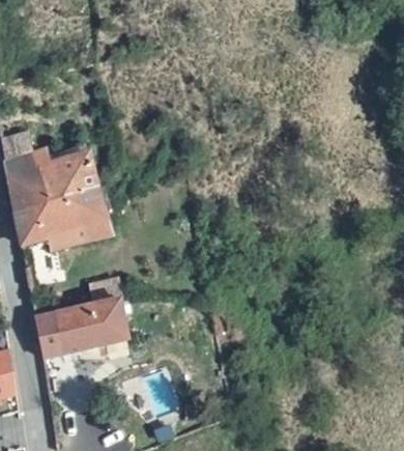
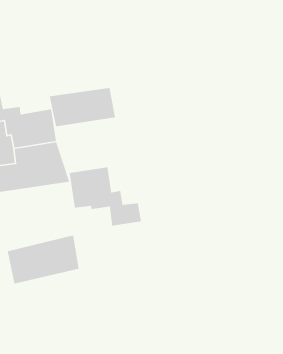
building: none -> [49,87,116,127]
building: none -> [69,166,142,226]

